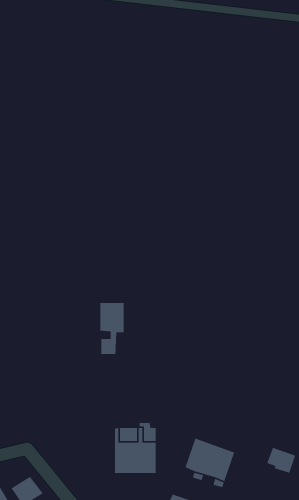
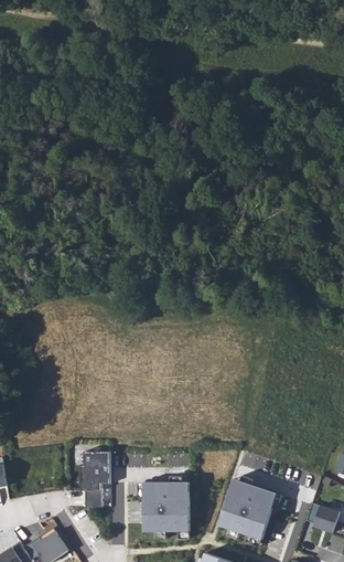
building: [100,302,124,355] -> [84,450,110,507]
building: none -> [229,475,282,509]

